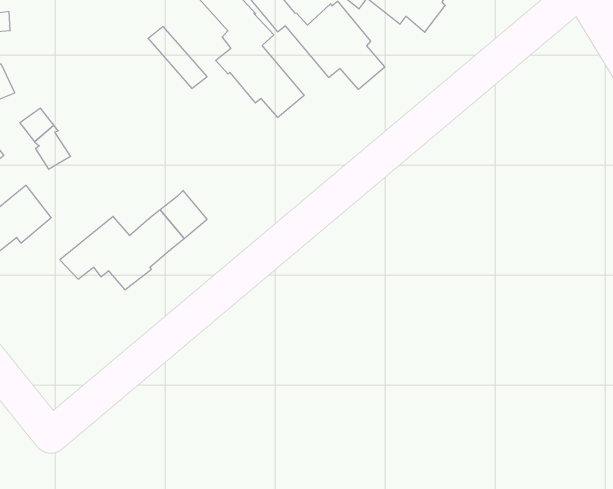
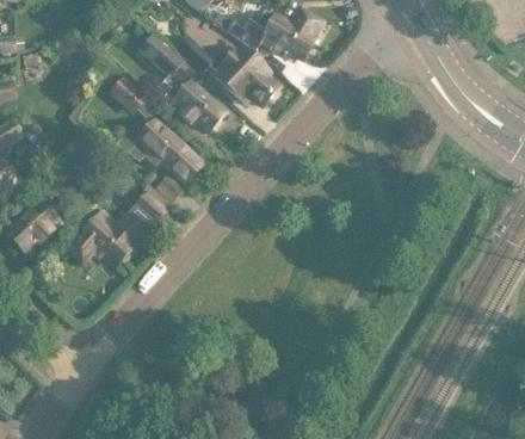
building: none -> [126,122,200,185]

